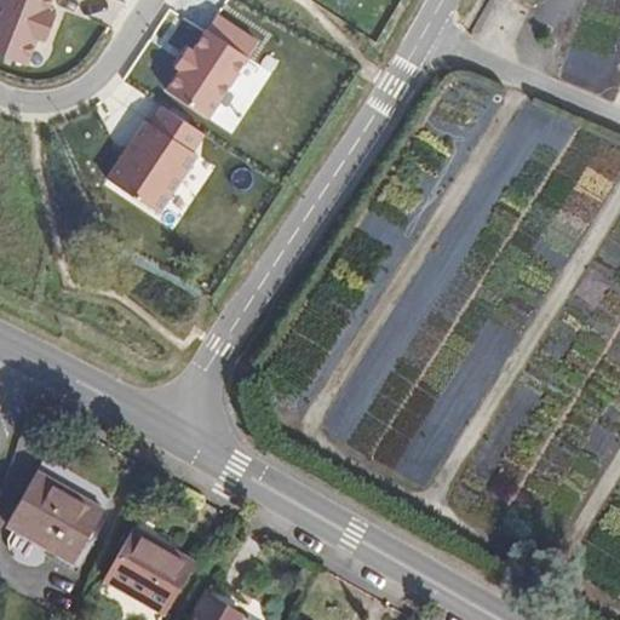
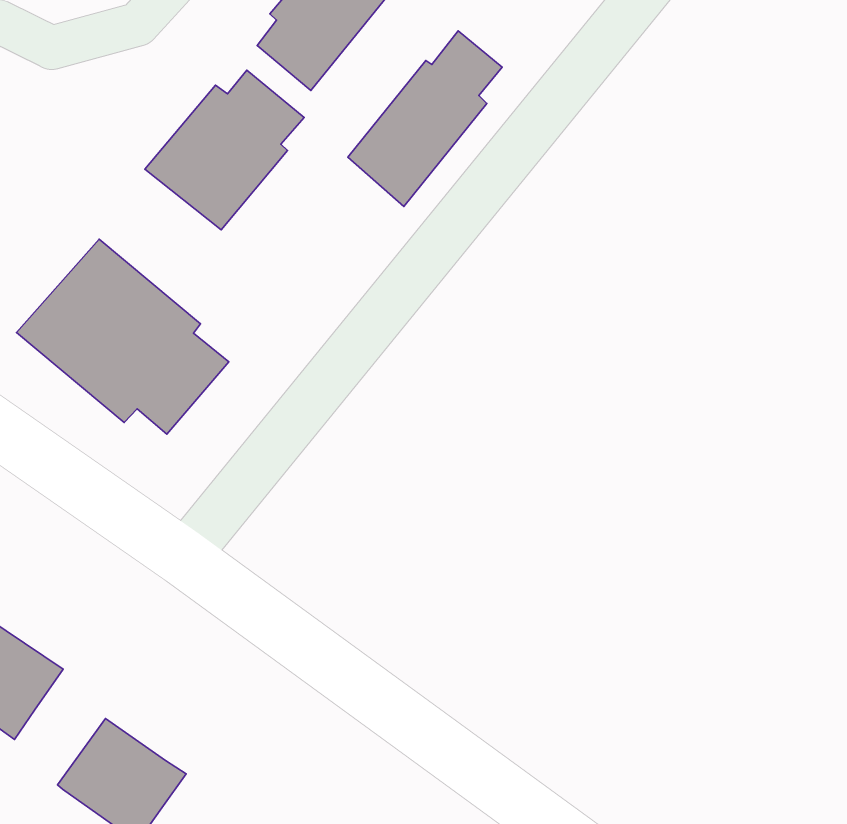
building: none -> [348,31,502,207]
building: none -> [17,239,229,434]

